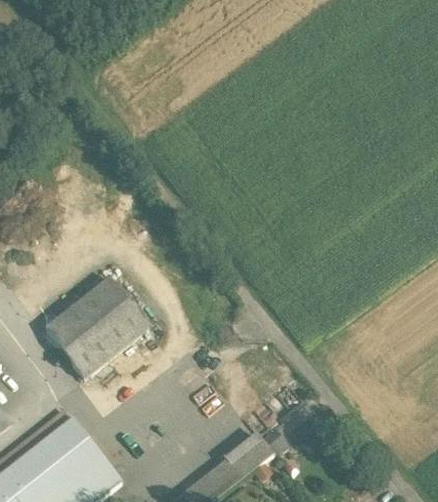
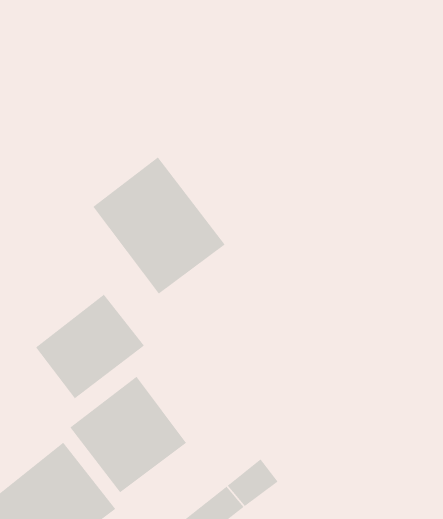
building: none -> [93,156,225,294]
building: none -> [69,376,187,493]

